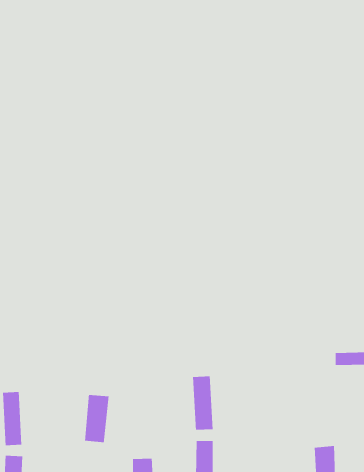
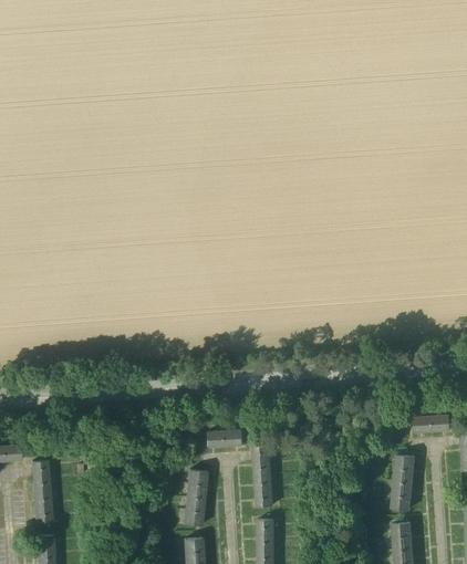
building: none -> [205,429,245,446]
building: none -> [388,456,417,512]
building: [84,394,109,443] -> [180,469,209,525]

